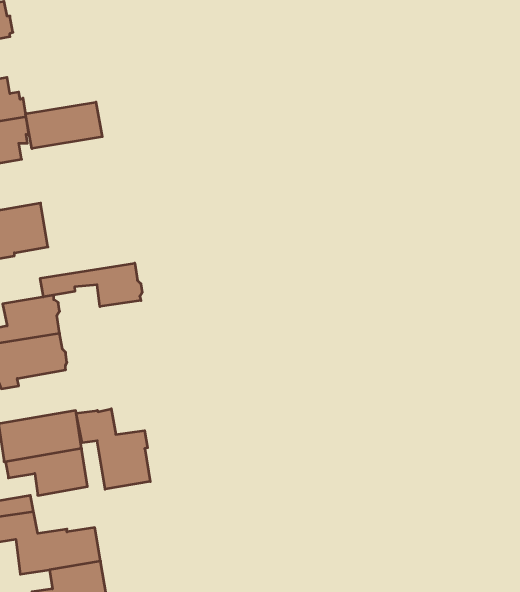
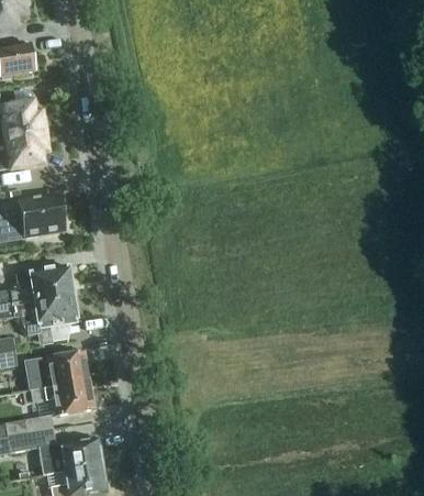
building: [26,102,102,149] -> none
building: [40,263,142,307] -> none
building: [76,409,150,489] -> none

